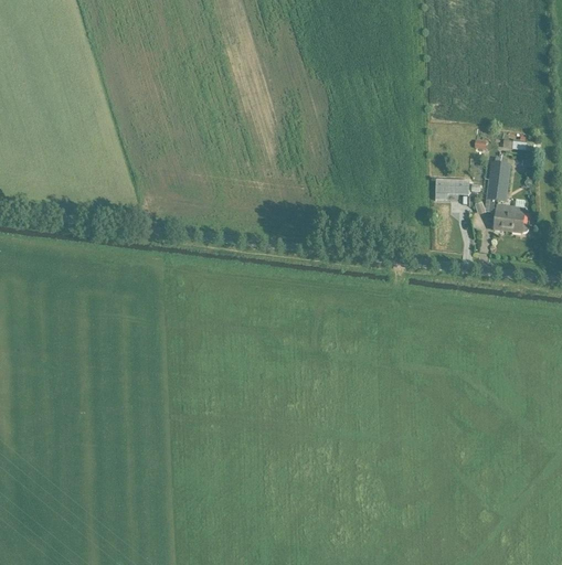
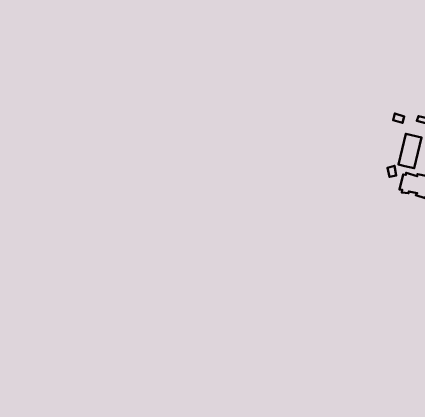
building: [435,179,469,200] -> none

